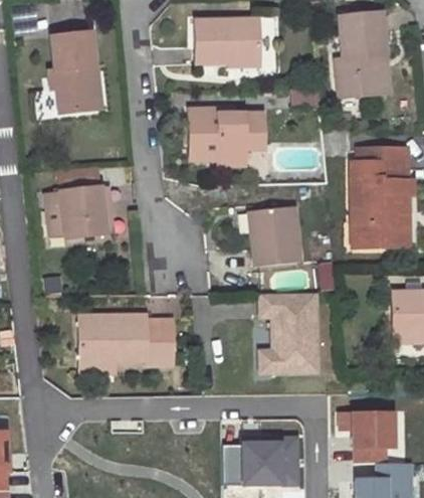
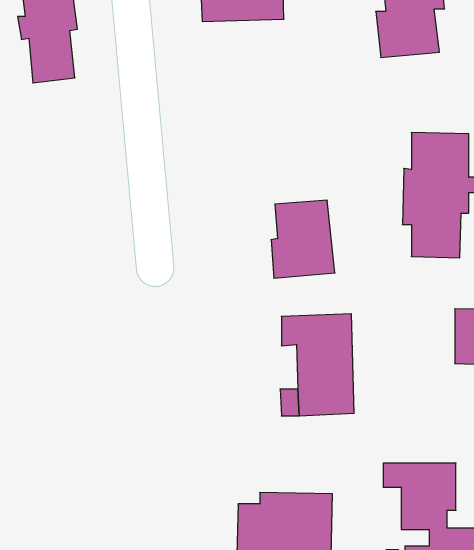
building: [186,111,260,161] -> none
building: [57,187,118,237] -> none
building: [79,314,175,366] -> none

